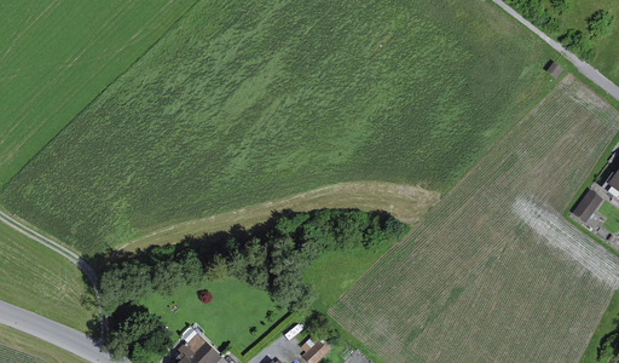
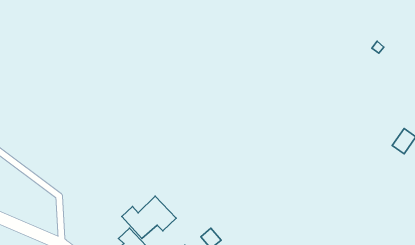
building: none -> [122,196,176,238]

